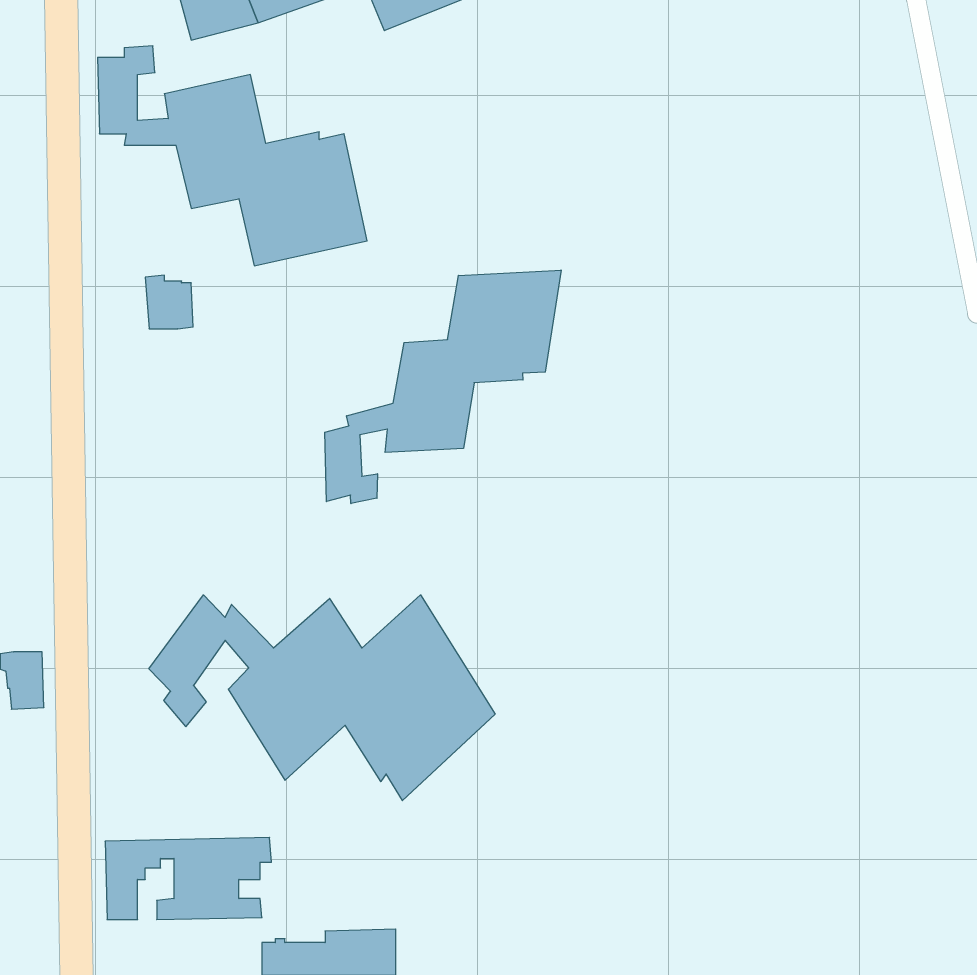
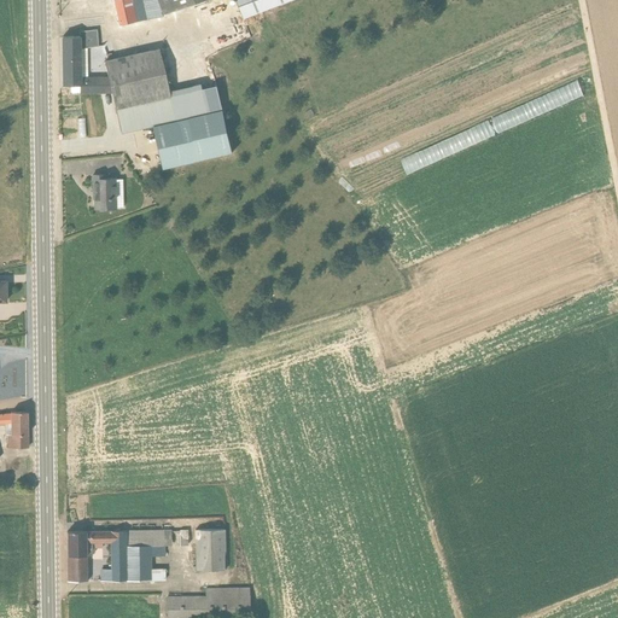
building: [325,270,561,504] -> none
building: [149,595,495,801] -> none
building: none -> [194,529,225,570]

